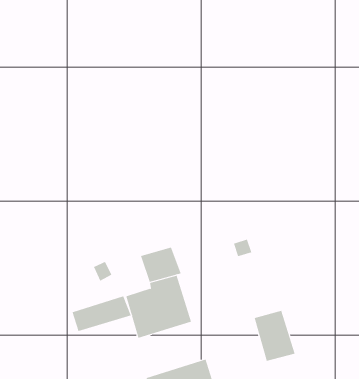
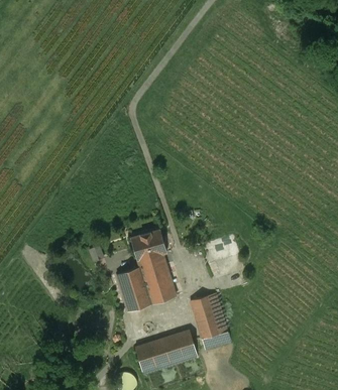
building: [72,296,131,332] -> none
building: [254,310,295,362] -> [191,293,228,340]

